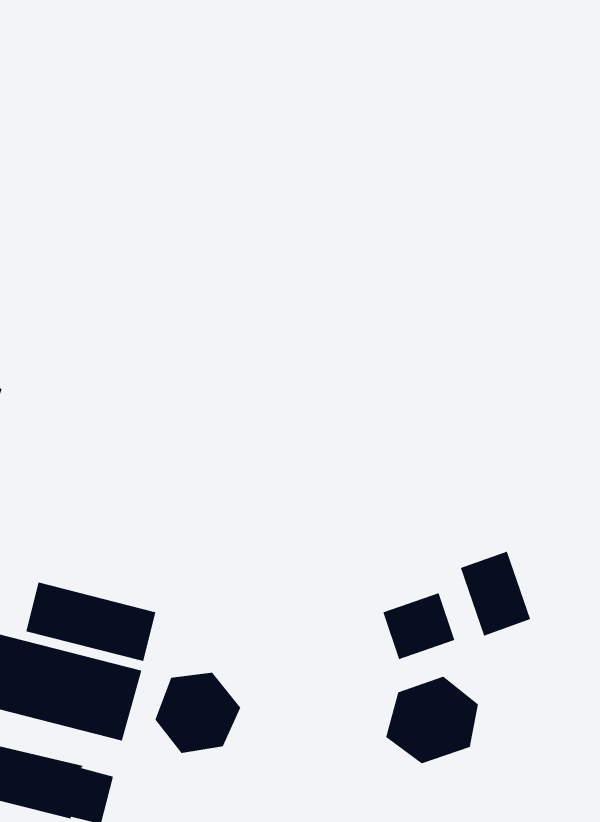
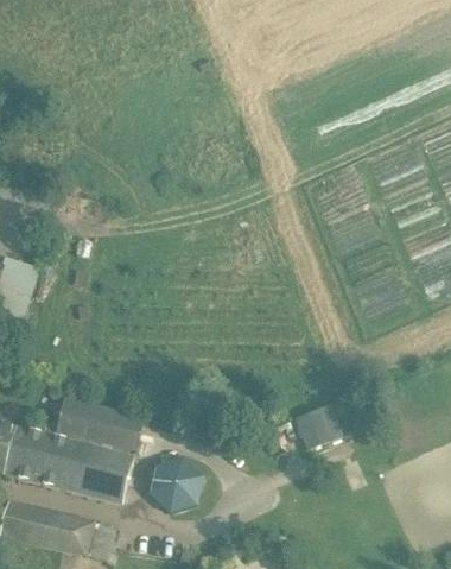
building: [460,551,531,636] -> none
building: [386,676,478,764] -> none

